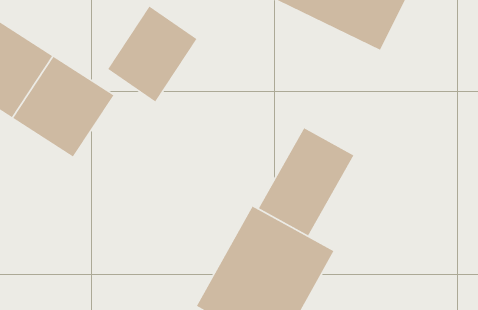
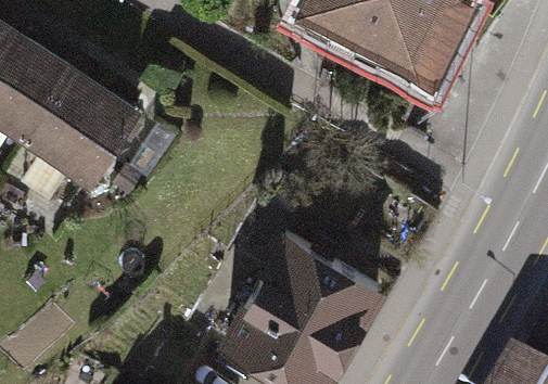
building: [107,6,198,103] -> none
building: [258,127,354,236] -> none

